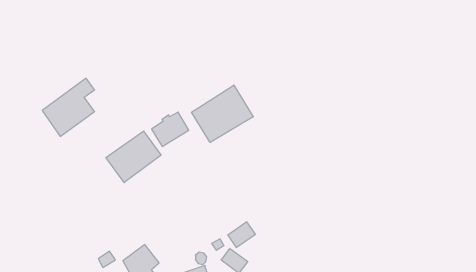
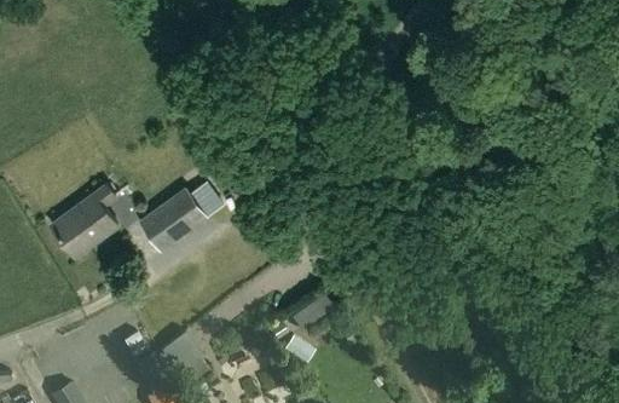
building: [42,78,95,136] -> [52,183,118,257]
building: [192,85,253,142] -> none

